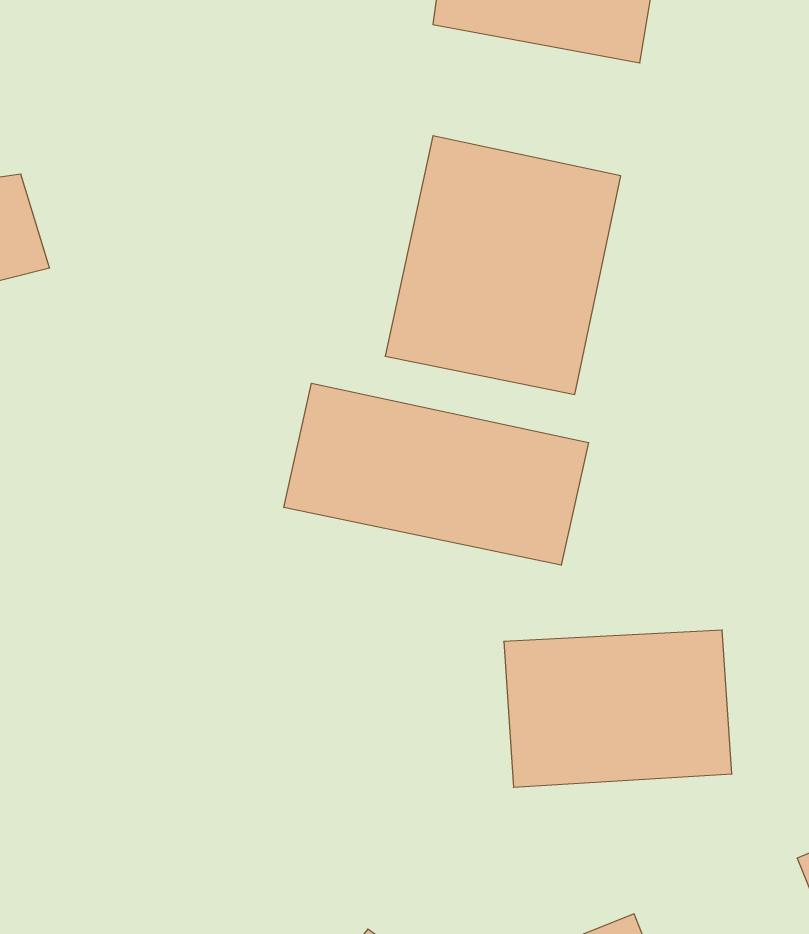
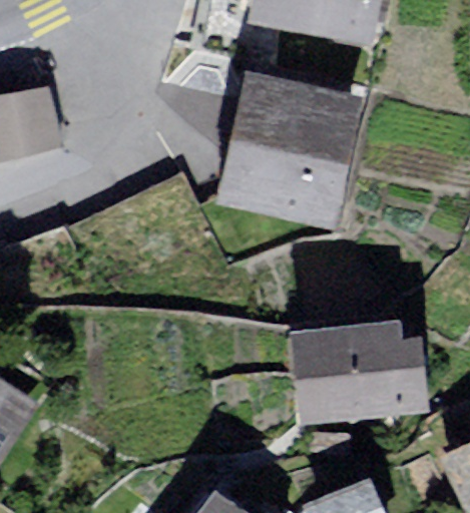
building: [284,383,589,565] -> none

